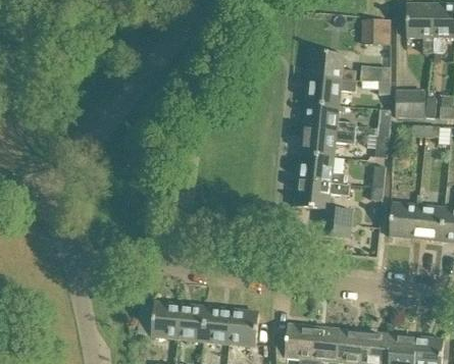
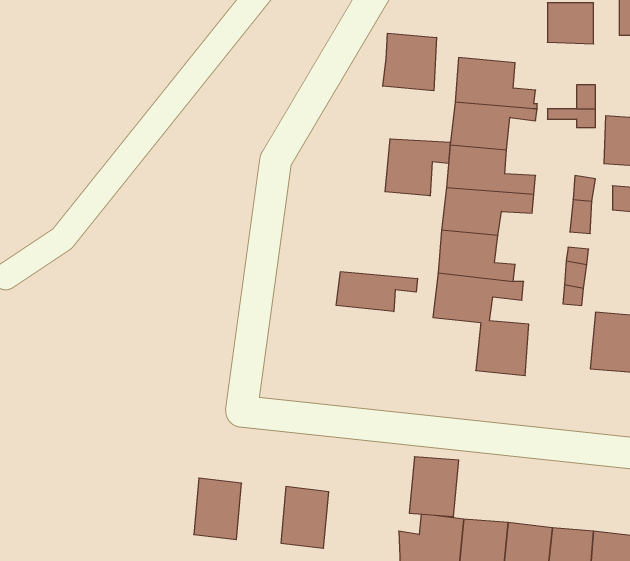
building: none -> [383,33,437,91]
building: none -> [385,139,450,196]
building: none -> [336,272,417,312]
building: [178,305,207,341] -> none
building: [230,310,259,346] -> [409,457,459,517]

